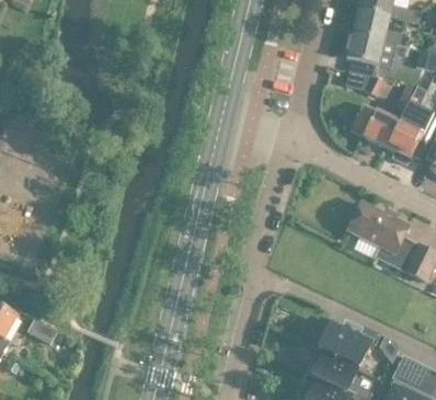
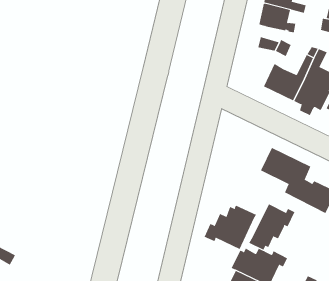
building: none -> [248,203,295,250]
building: none -> [204,205,257,250]

